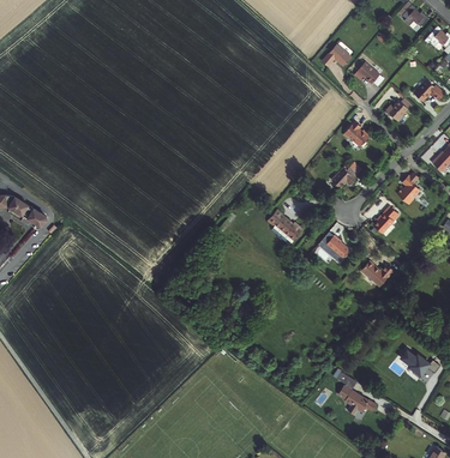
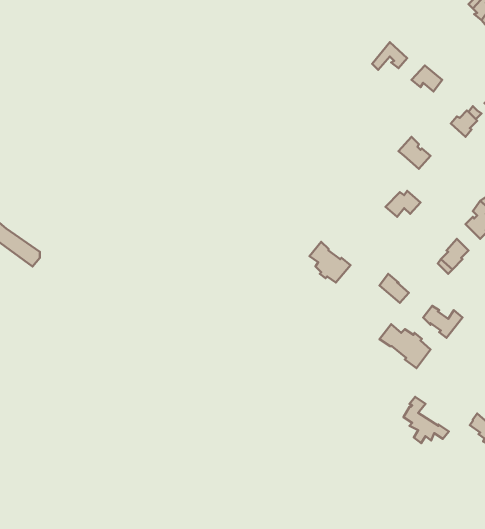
building: none -> [379,324,430,368]
building: [341,380,378,418] -> [404,397,449,443]

